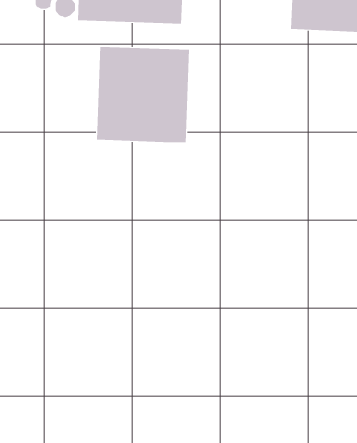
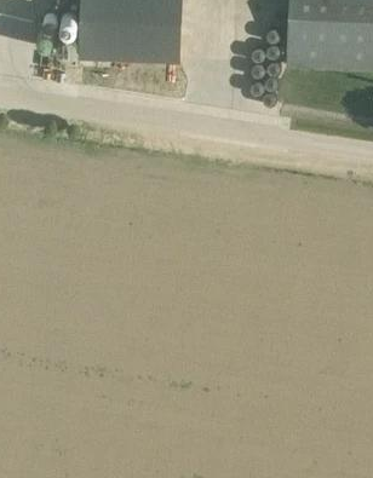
building: [97,46,189,143] -> none

